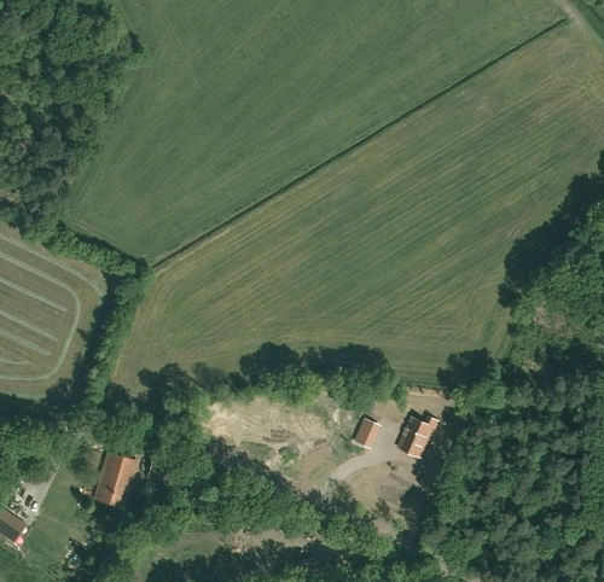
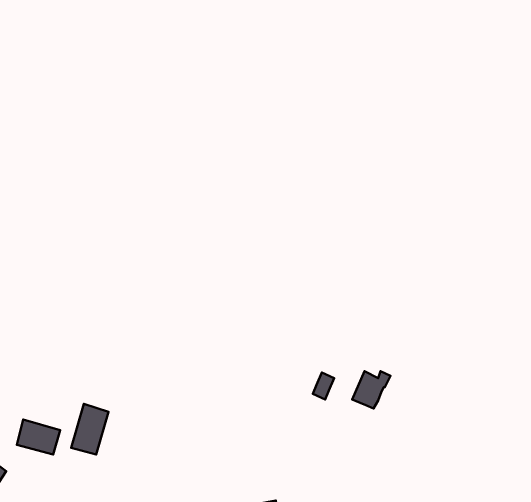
building: none -> [17,420,60,455]

